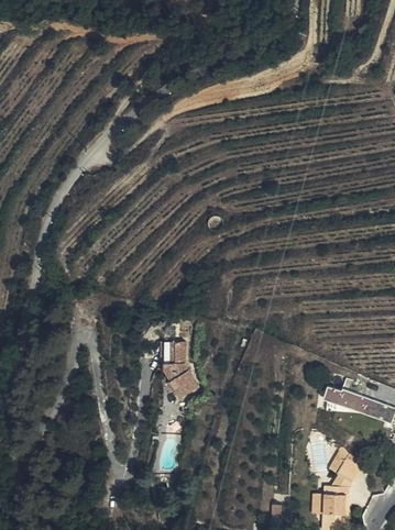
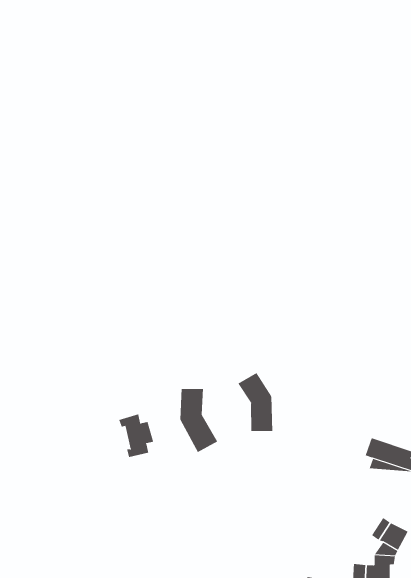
building: none -> [238,372,273,432]
building: none -> [118,413,154,458]

